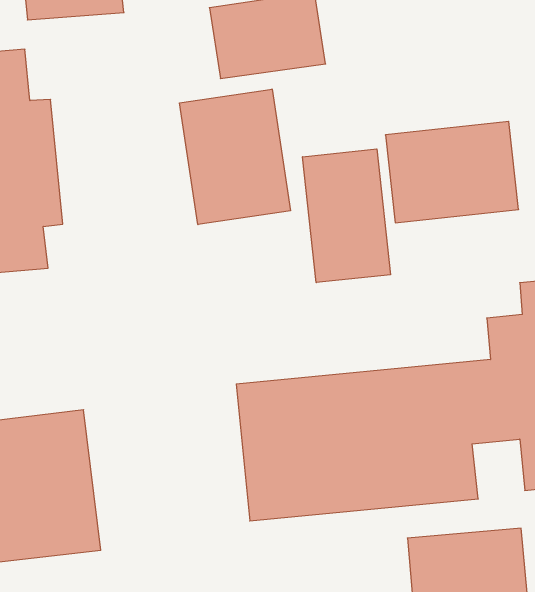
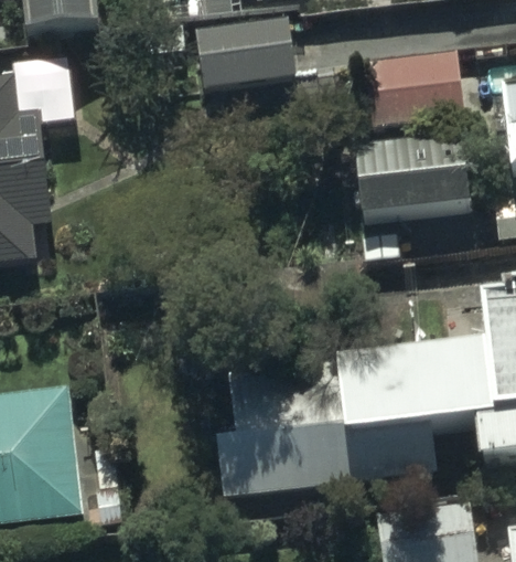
building: none -> [362,47,467,132]
building: [180,89,290,225] -> none
building: [303,149,390,283] -> none

